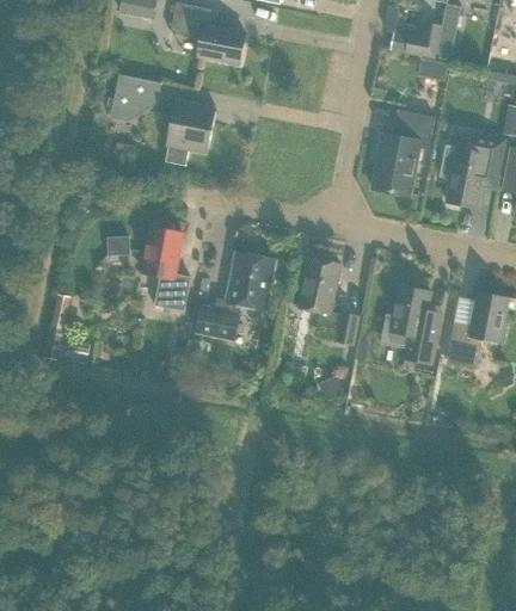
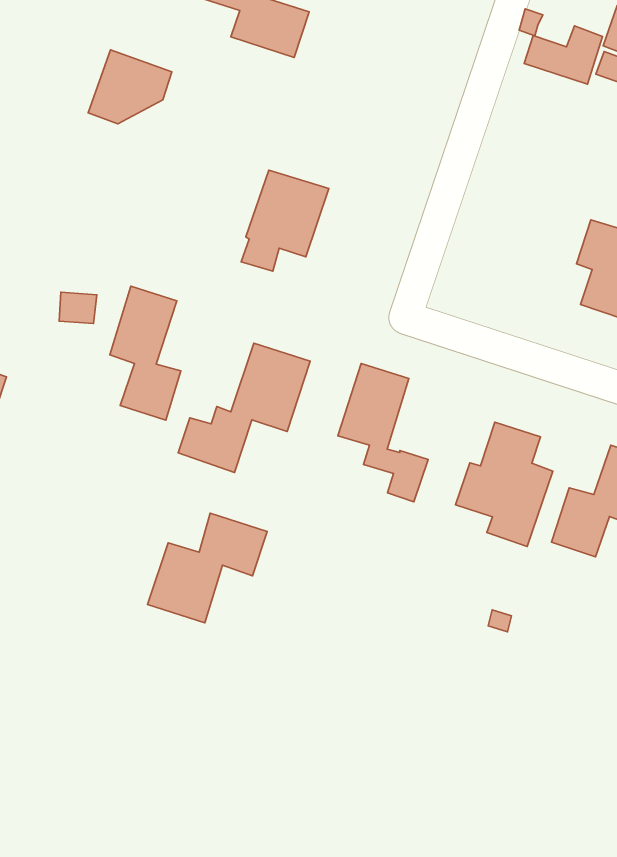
building: [165,99,216,165] -> [241,170,329,271]
building: [373,109,435,195] -> none
building: none -> [148,513,267,623]

